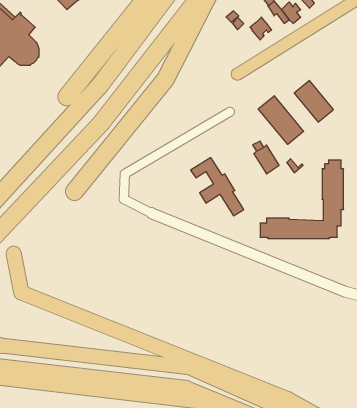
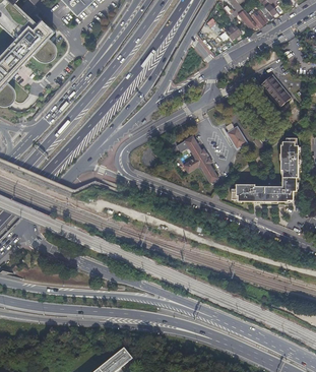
building: [258,96,304,144] -> none

